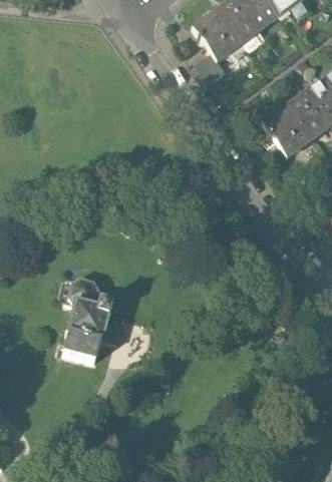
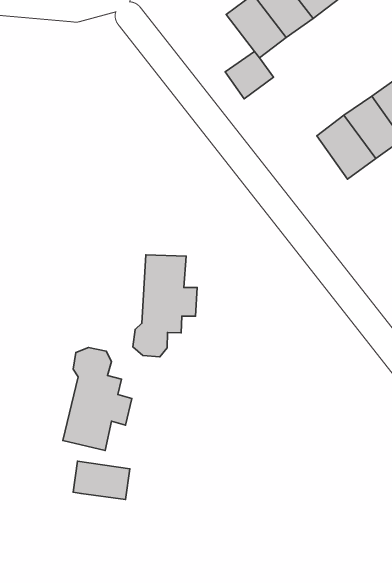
building: none -> [133,255,197,357]
building: none -> [73,461,130,500]

